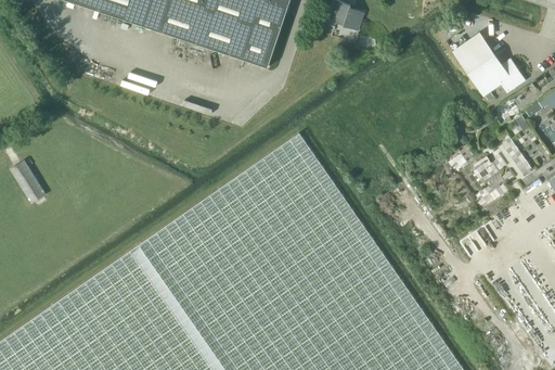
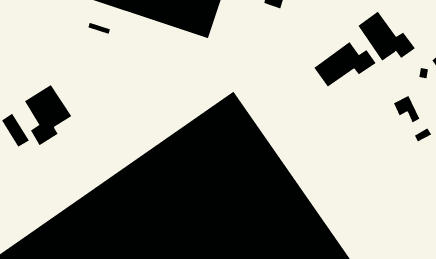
building: none -> [314,41,376,87]
building: none -> [24,84,72,146]

